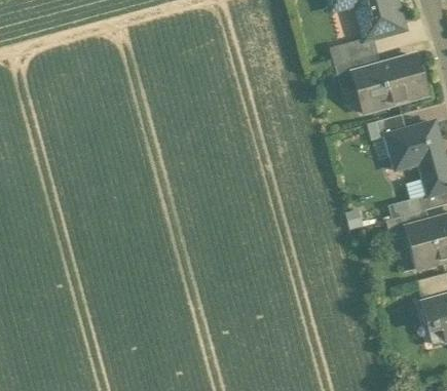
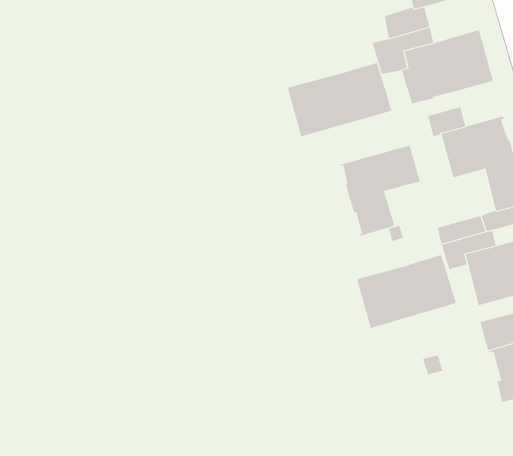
building: none -> [287,62,392,137]
building: none -> [340,145,420,237]
building: none -> [356,254,457,329]

